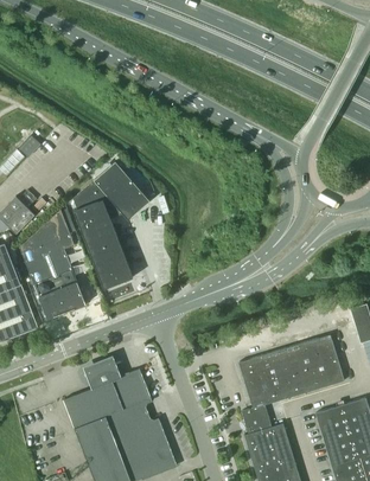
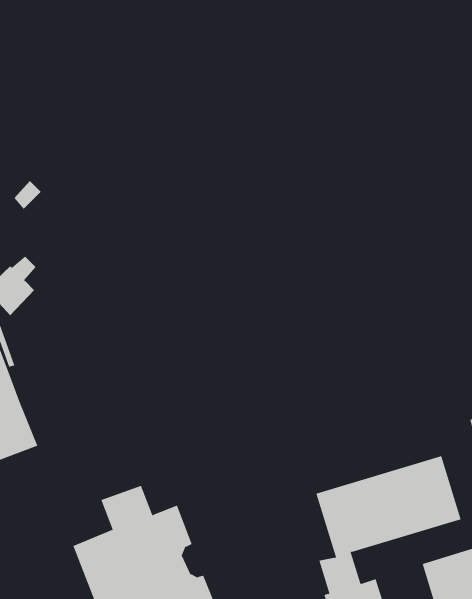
building: [74,161,149,288] -> none
building: [19,209,85,319] -> none

